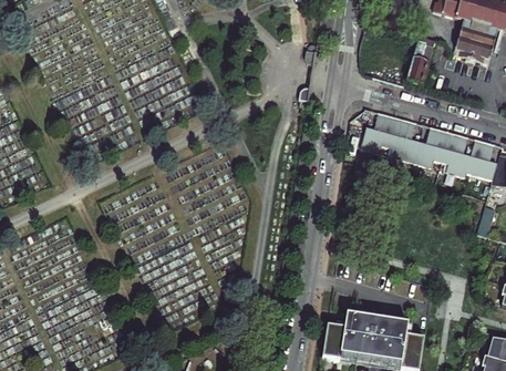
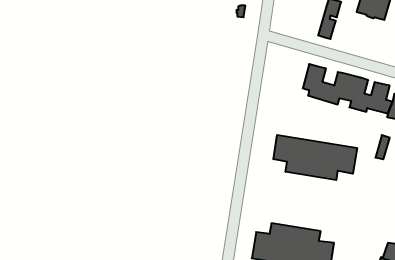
building: [359,111,394,152] -> none
building: none -> [273,135,357,180]

